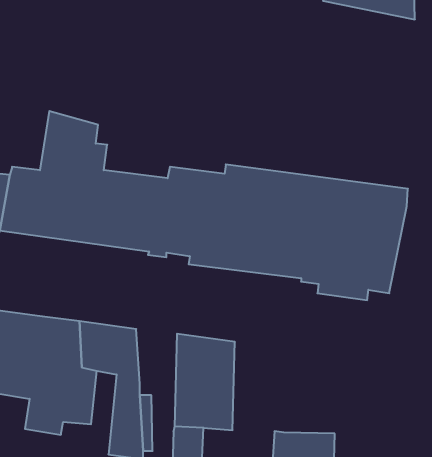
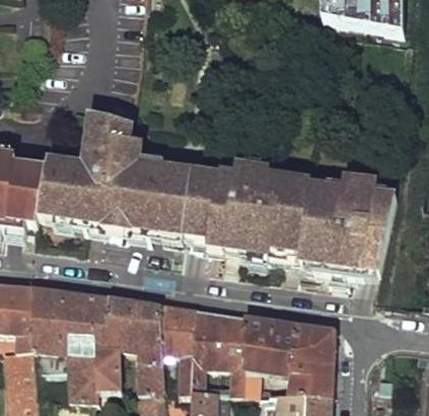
building: none -> [158,303,194,393]
building: none -> [242,315,335,395]

